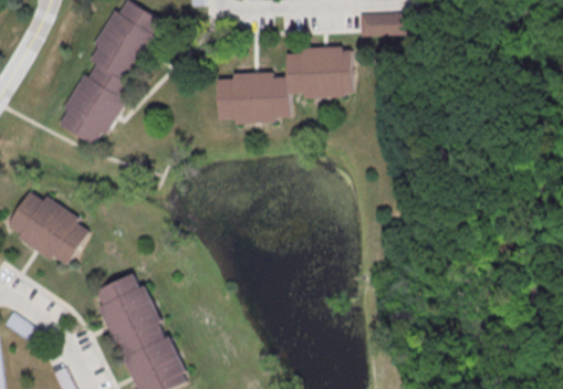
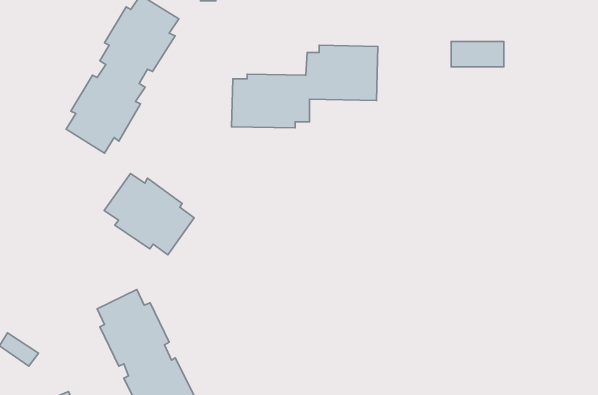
building: [357,11,406,34] -> [451,42,504,67]
building: [11,191,94,266] -> [104,174,194,255]

